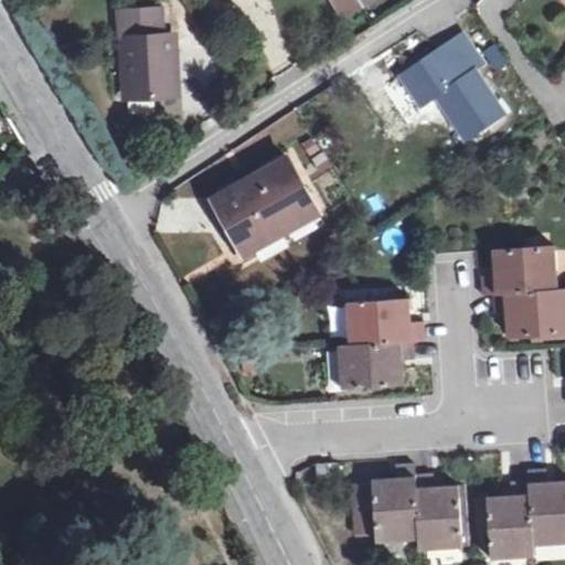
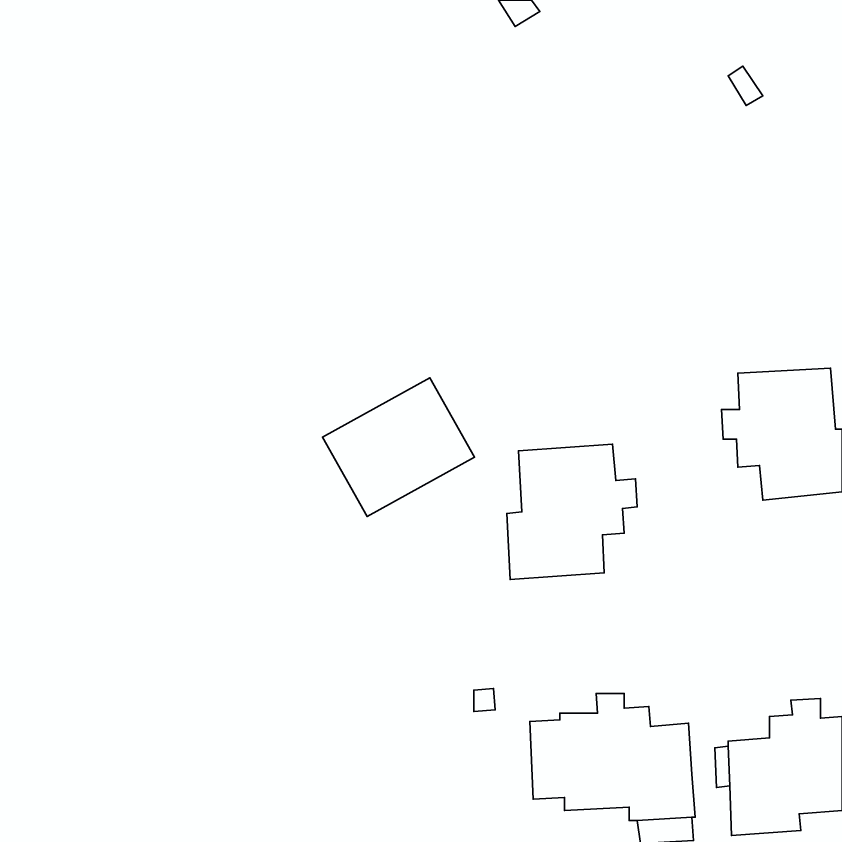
building: [117,10,177,97] -> none
building: [402,34,503,139] -> none
building: [214,160,316,253] -> [323,378,474,517]

